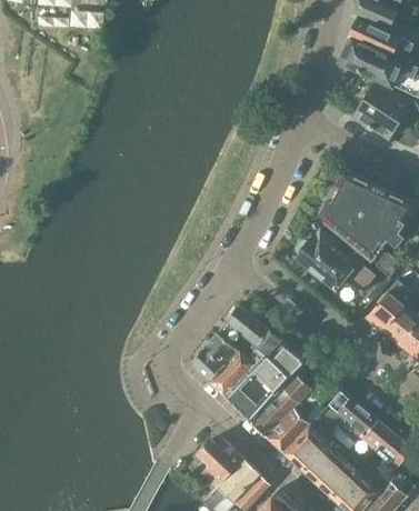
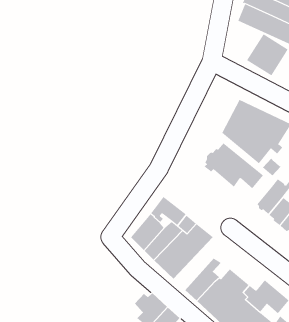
building: [252,360,326,435] -> none
building: [330,391,379,435] -> none

